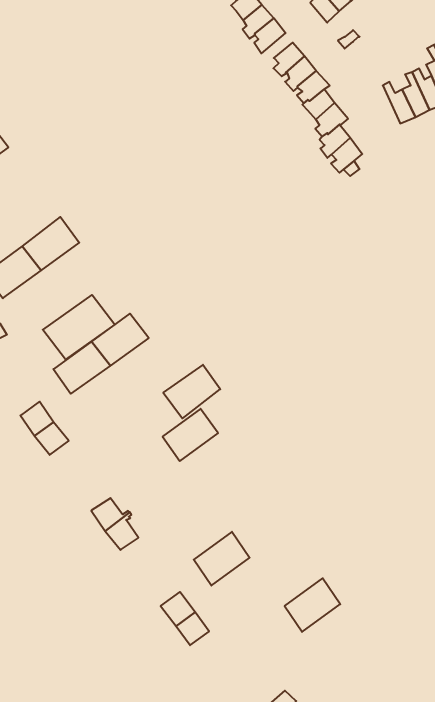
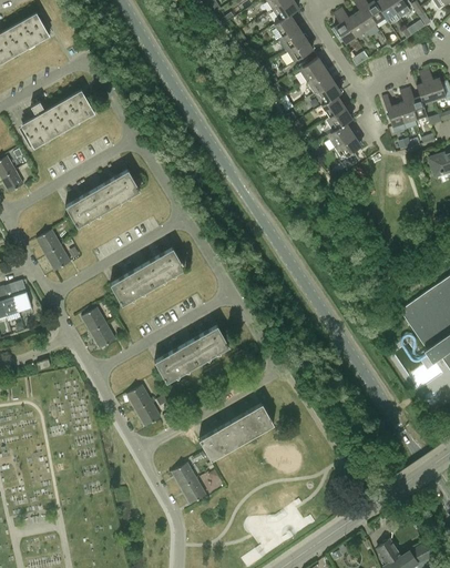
building: [43,295,115,359] -> none
building: [163,365,220,418] -> [155,344,198,383]
building: [285,578,340,632] -> [232,404,274,443]

